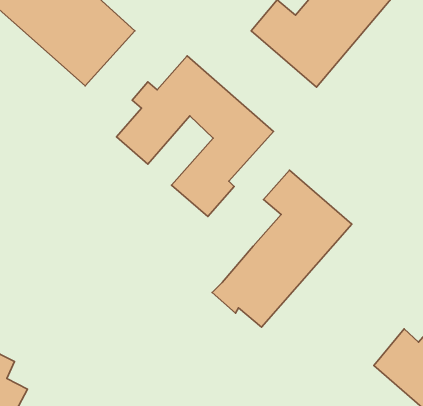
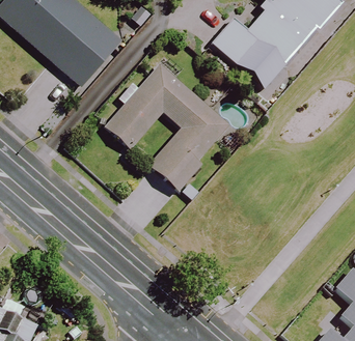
building: [212,170,352,327] -> none

